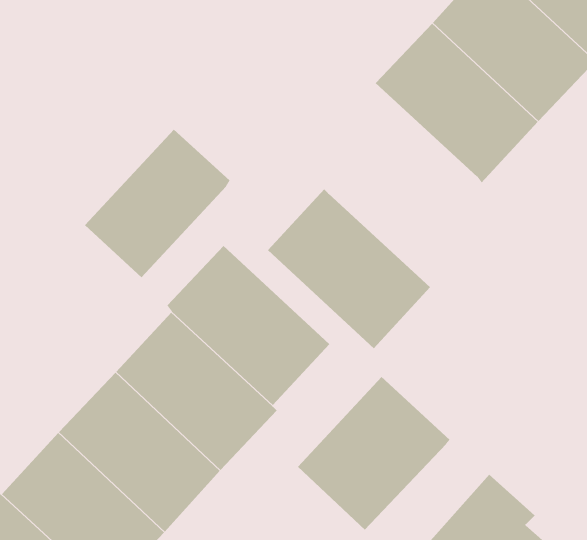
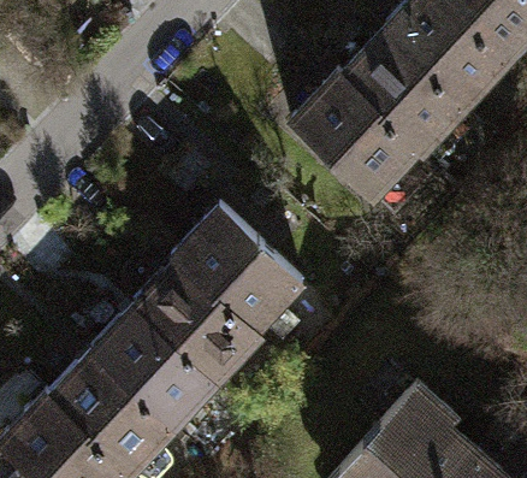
building: [84,129,231,278] -> none
building: [267,188,431,349] -> [285,78,413,203]
building: [297,376,450,531] -> none

